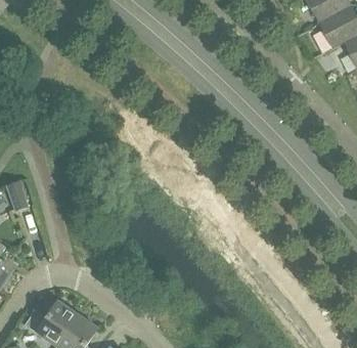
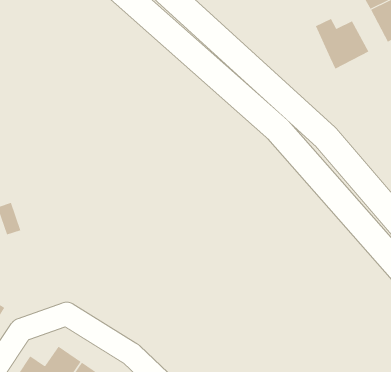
building: none -> [315,18,369,69]

